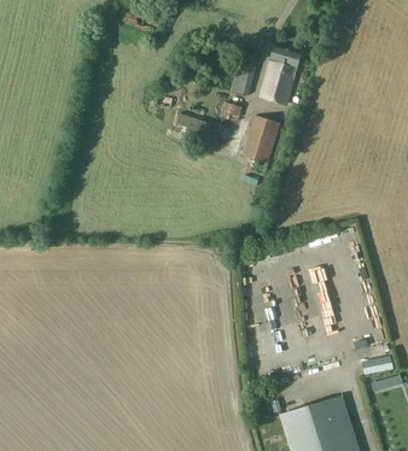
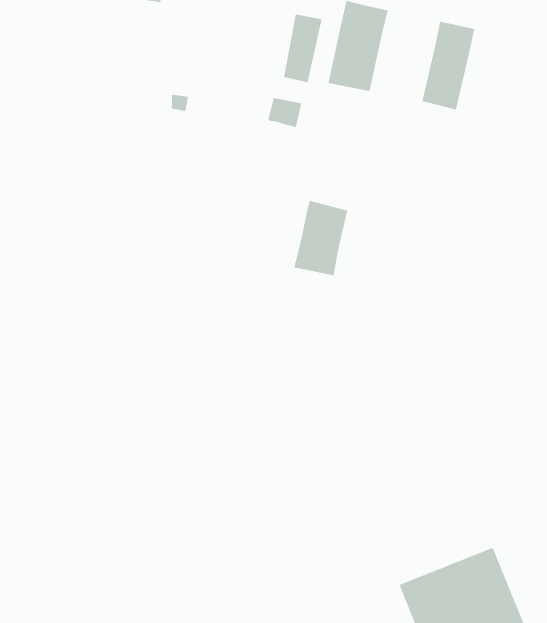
building: none -> [422,21,475,111]
building: [241,113,279,163] -> [293,200,348,276]

